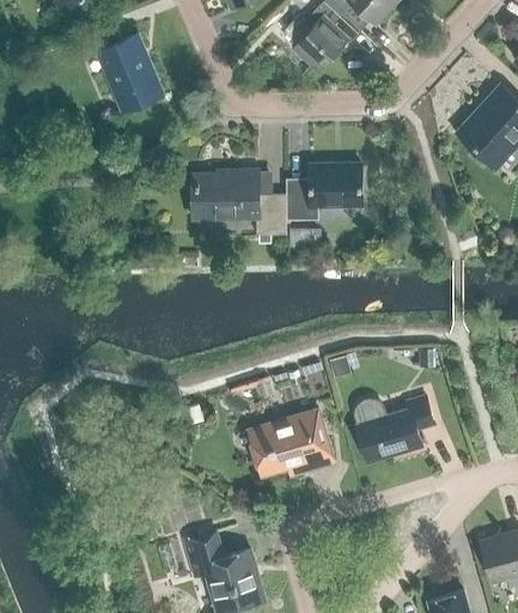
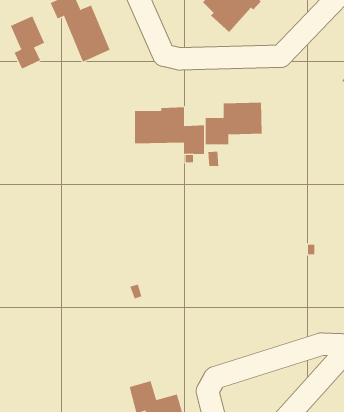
building: none -> [10,16,45,70]
building: [356,396,434,456] -> none
building: [248,408,334,477] -> none

